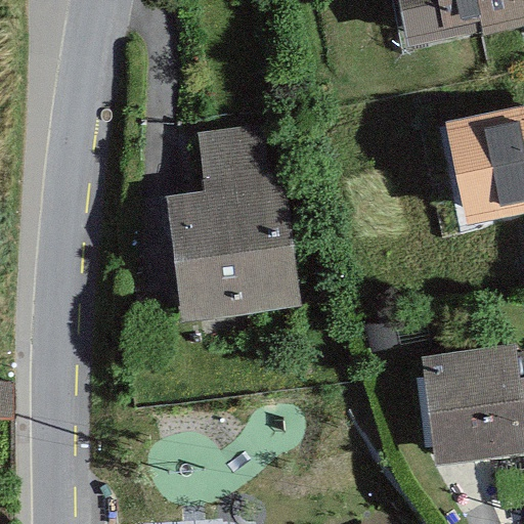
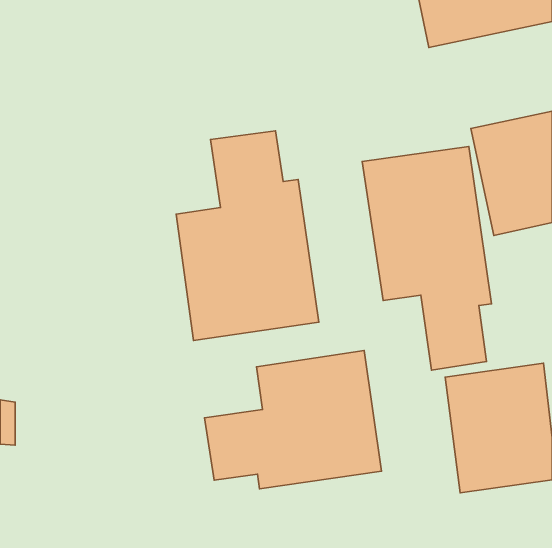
building: none -> [362,147,492,370]
building: none -> [205,350,381,489]

